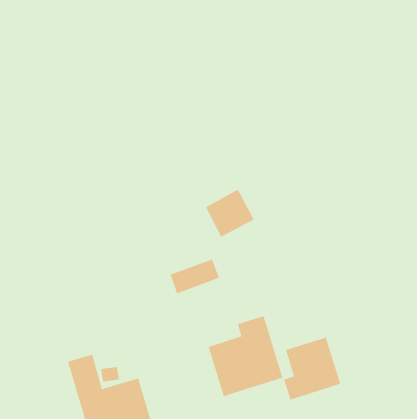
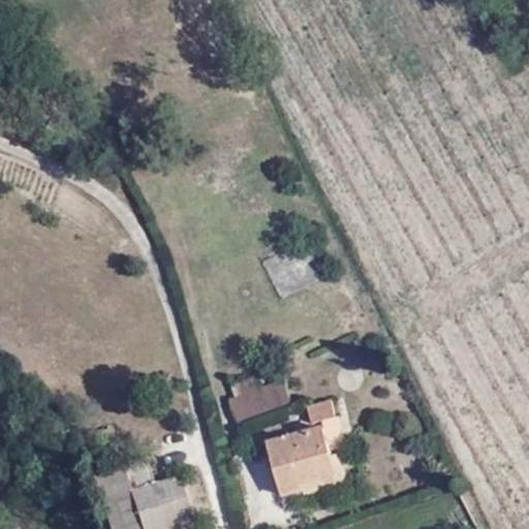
building: [170,259,220,294] -> [228,379,291,424]
building: [283,337,341,400] -> none

